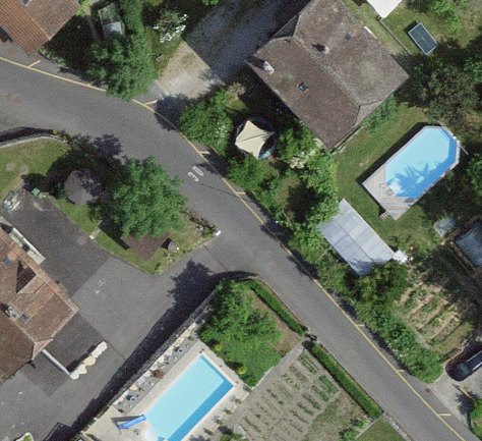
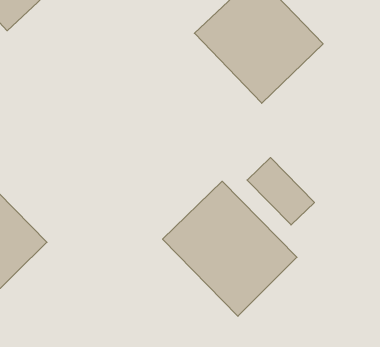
building: none -> [163,181,297,316]

